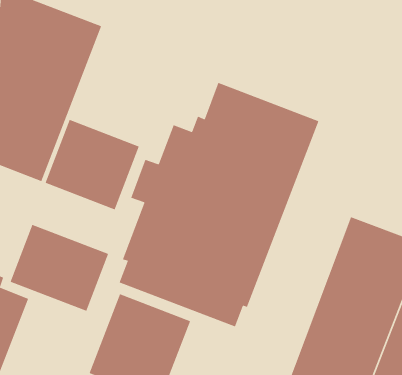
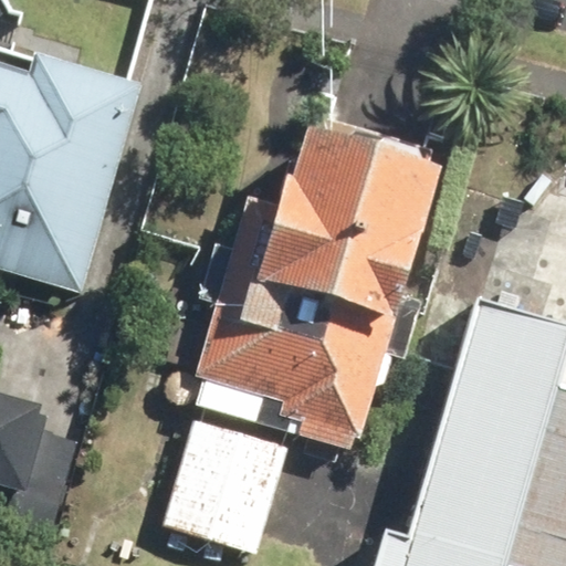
building: [45,119,140,210] -> none
building: [9,224,109,312] -> none

